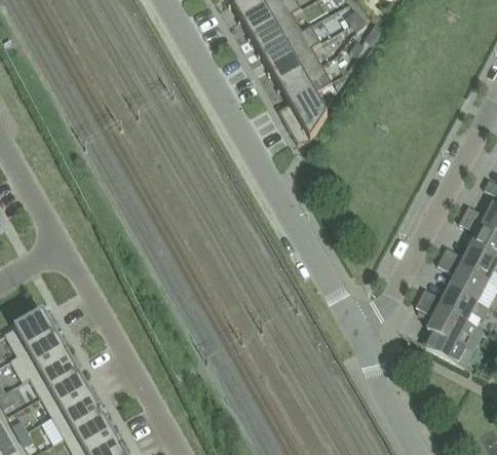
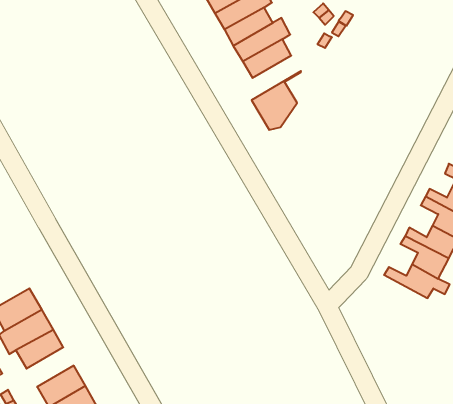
building: [278,64,332,111] -> none
building: [416,297,476,366] -> none
building: [40,374,90,416] -> none

